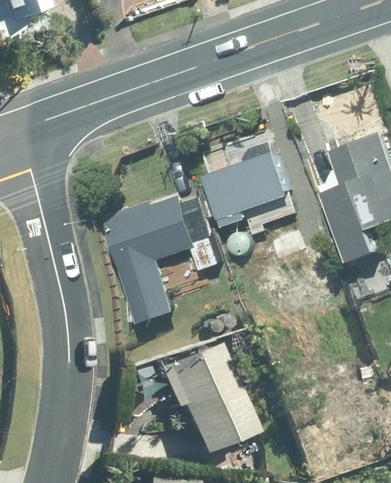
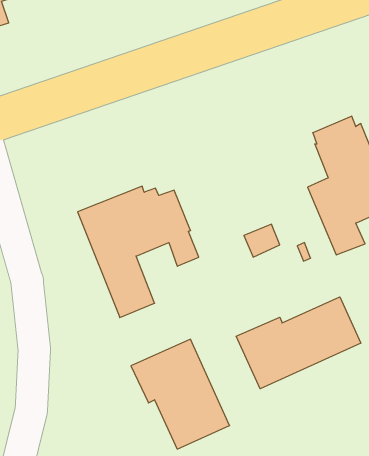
building: [206,150,293,228] -> none
building: none -> [236,297,361,389]

